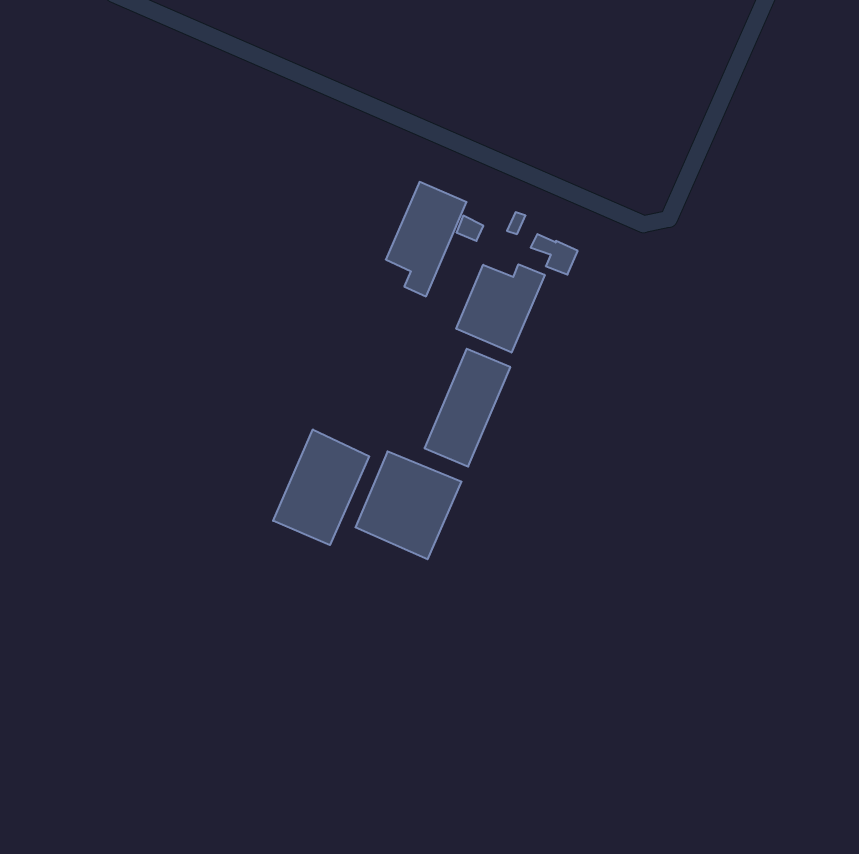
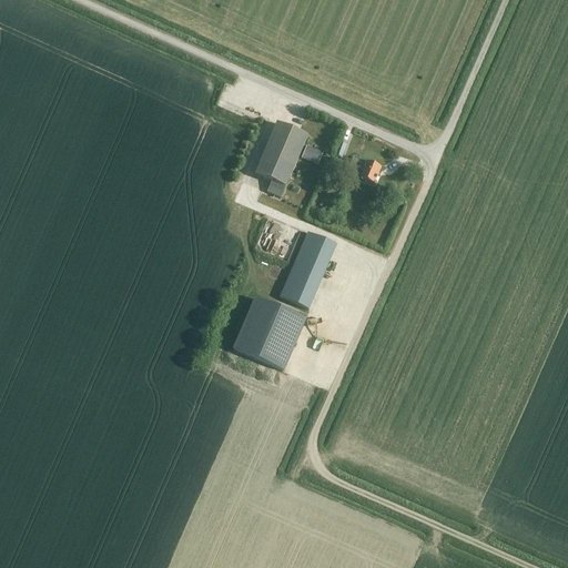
building: [456,264,545,353] -> none
building: [273,429,369,545] -> none

